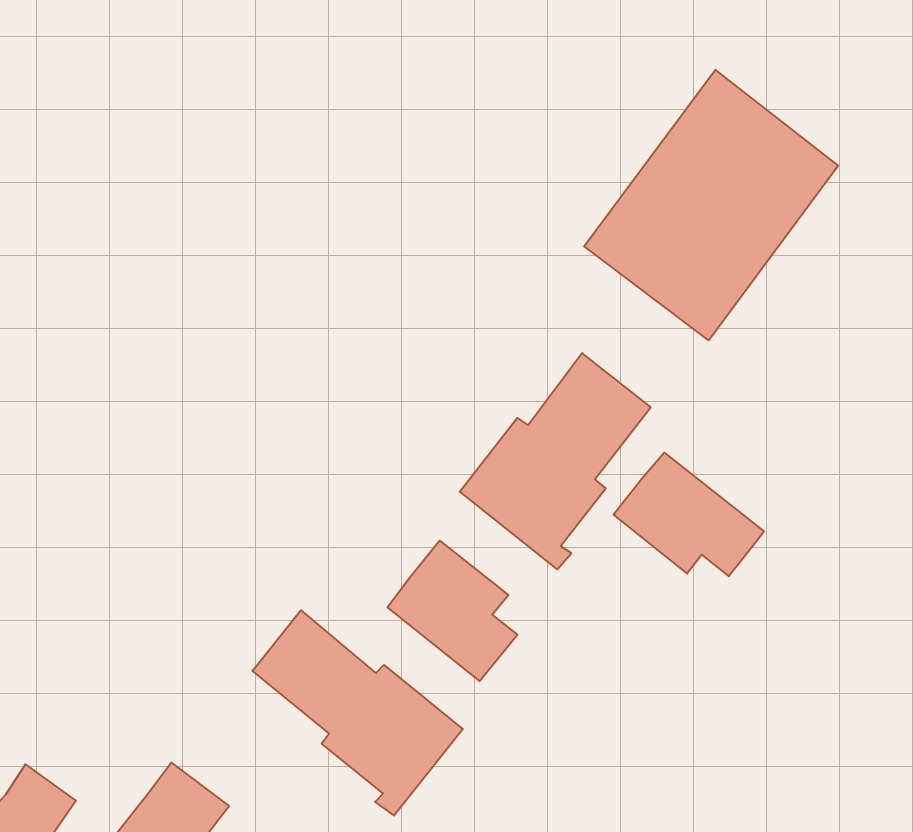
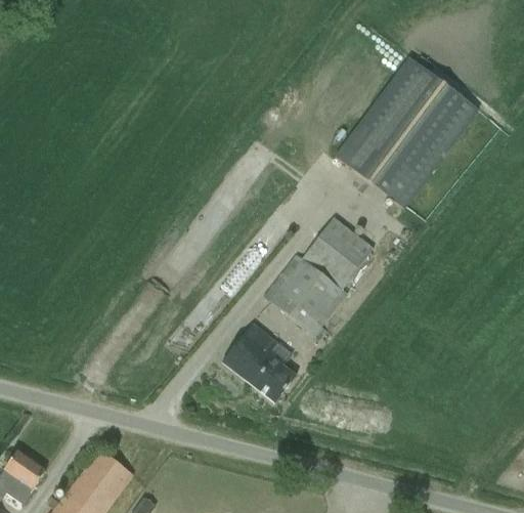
building: [614,453,764,576] -> none
building: [252,610,463,816] -> none

